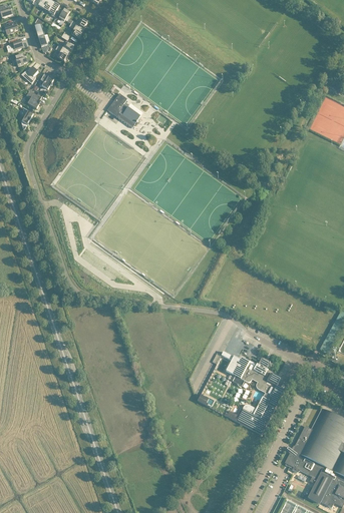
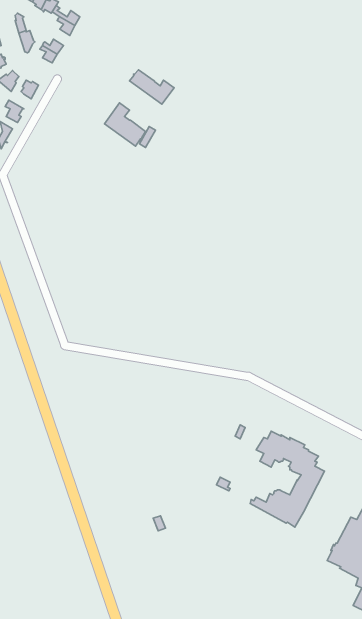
building: none -> [129,70,174,104]

